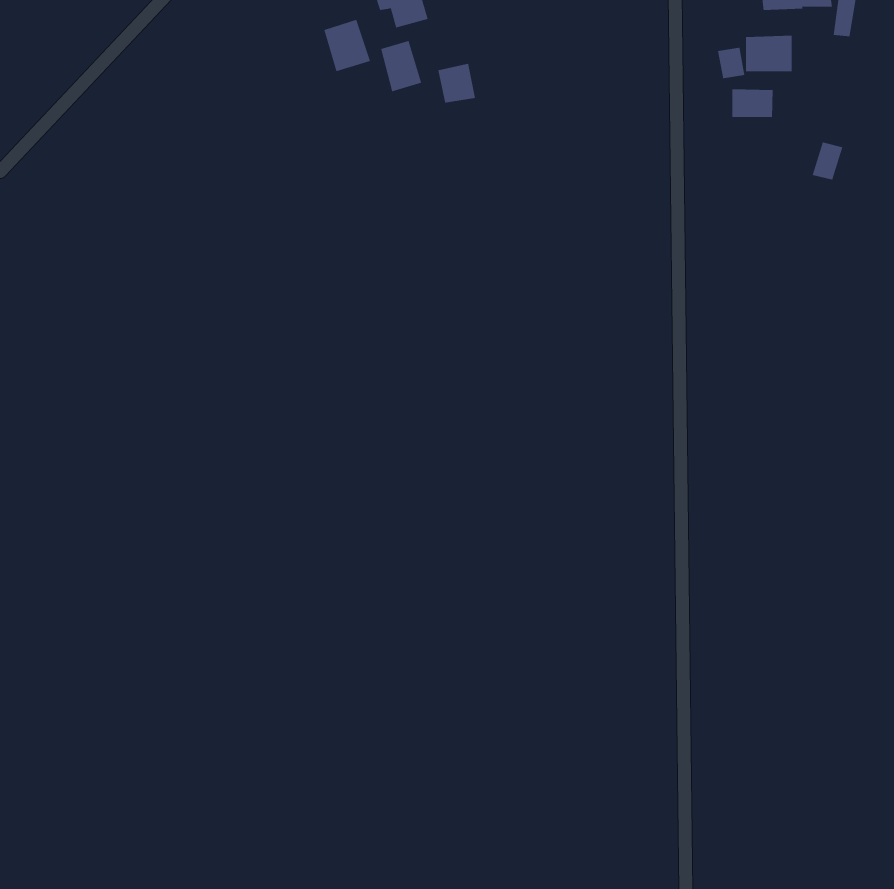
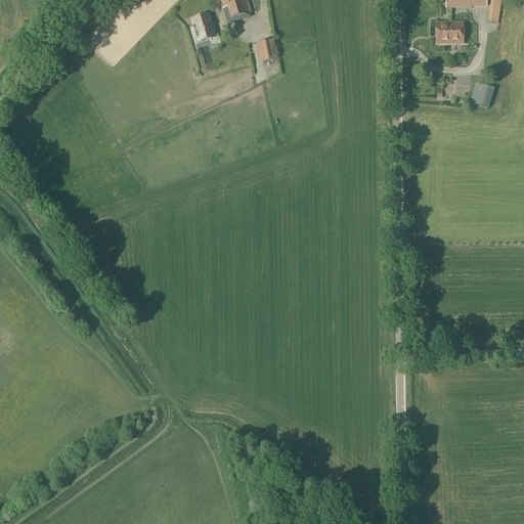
building: [380,40,422,92] -> none
building: [732,88,773,118] -> none

